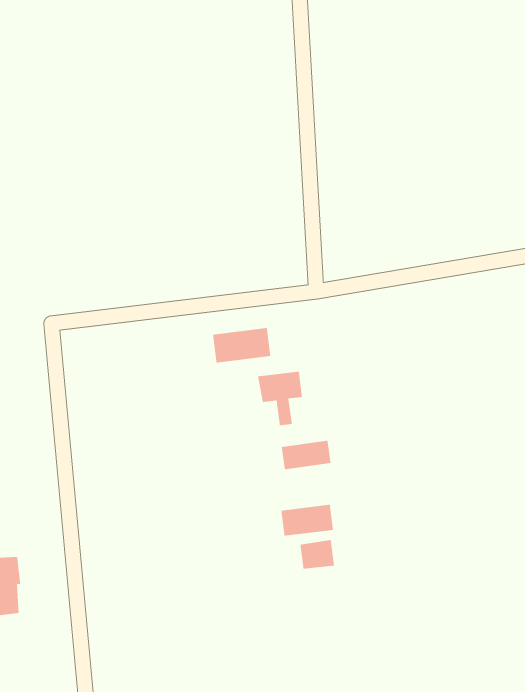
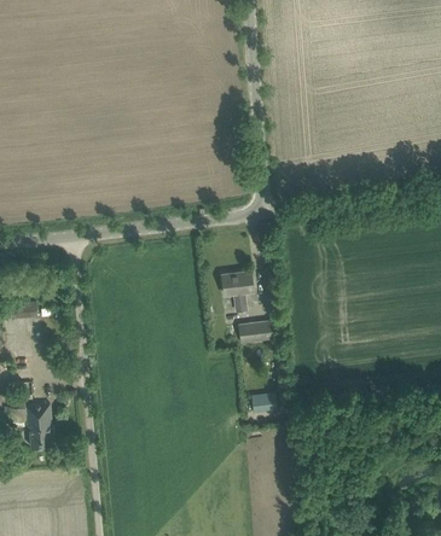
building: [212,327,271,363] -> none
building: [281,504,334,537] -> none

